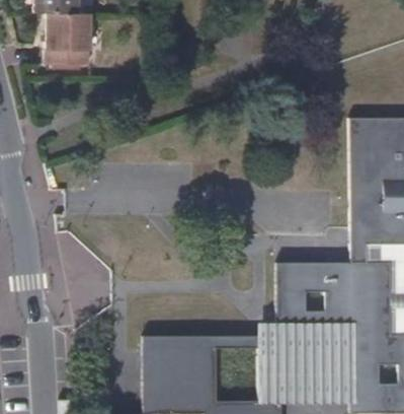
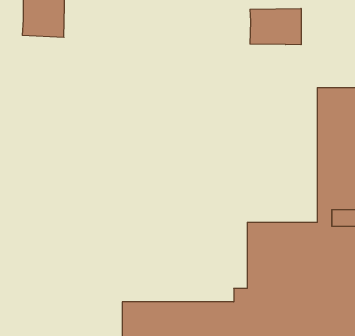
building: none -> [250,8,301,45]

